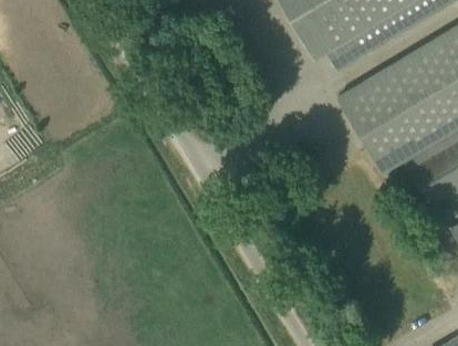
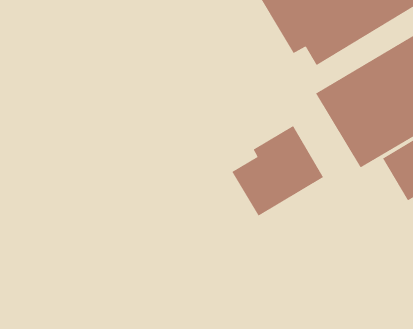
building: none -> [231,125,324,216]

